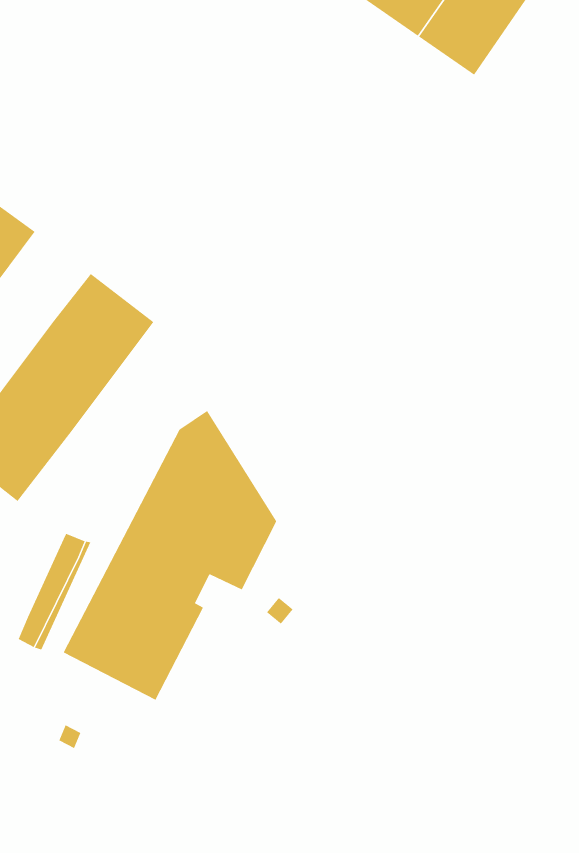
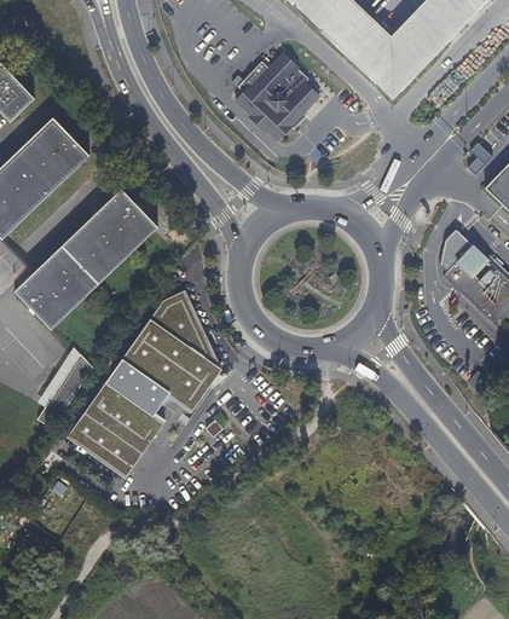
building: none -> [235,52,319,139]

